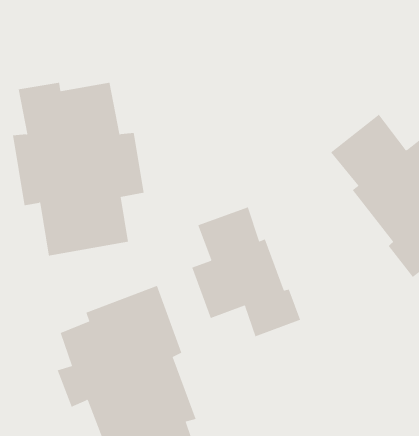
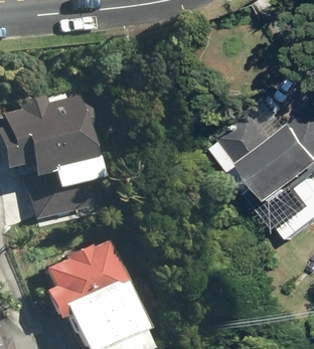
building: [192,207,301,337] -> none

